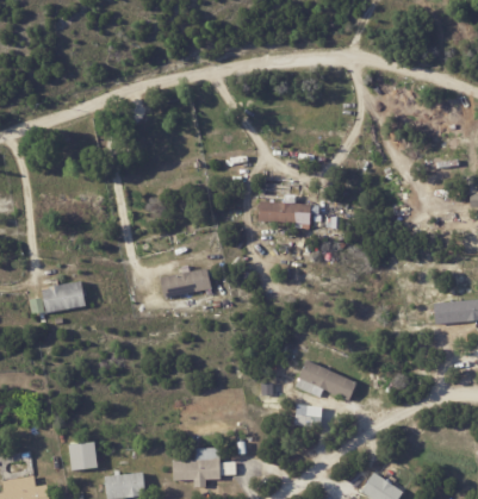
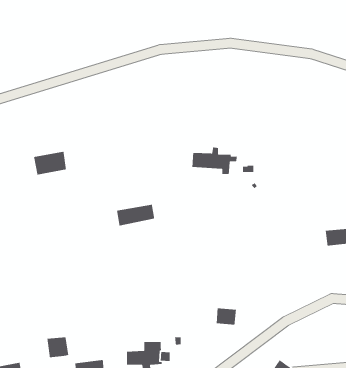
building: [41,280,85,312] -> [33,151,67,175]
building: [299,360,356,400] -> none

